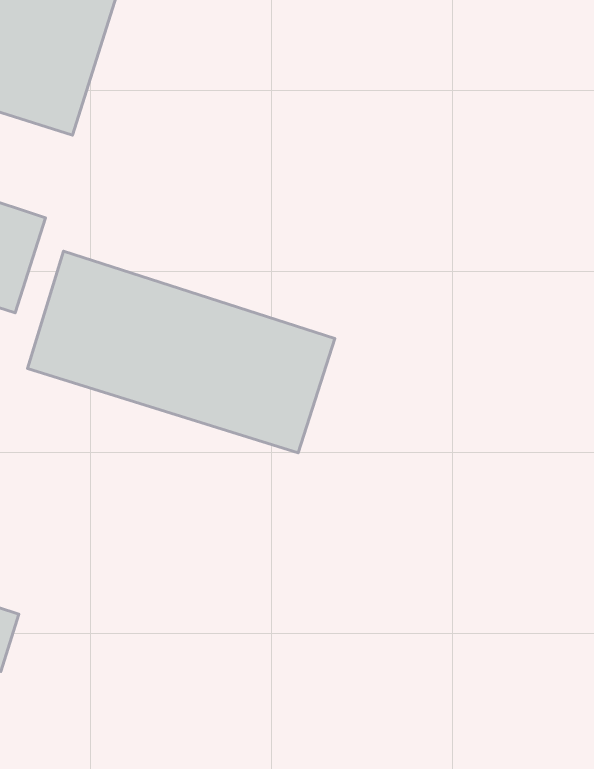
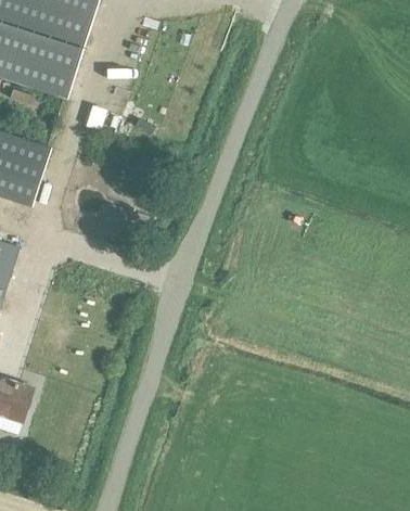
building: [27,251,335,453] -> none

